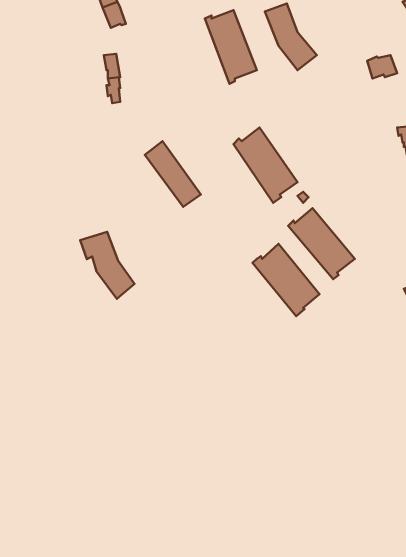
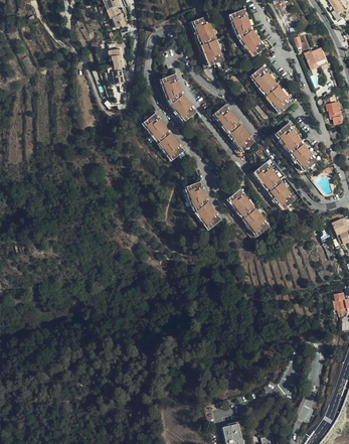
building: none -> [251,67,293,113]
building: none -> [154,75,196,128]
building: none -> [269,122,317,174]
building: [80,232,135,299] -> [180,182,220,232]

